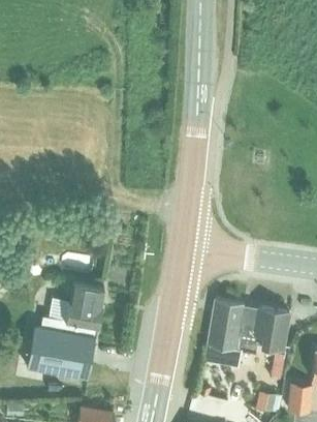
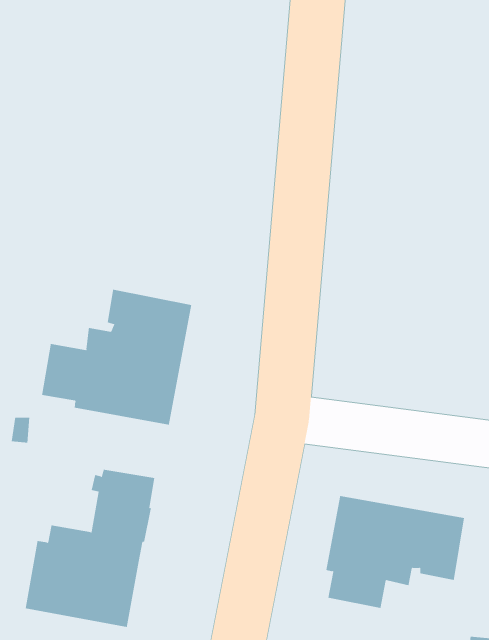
building: none -> [42,289,192,425]

